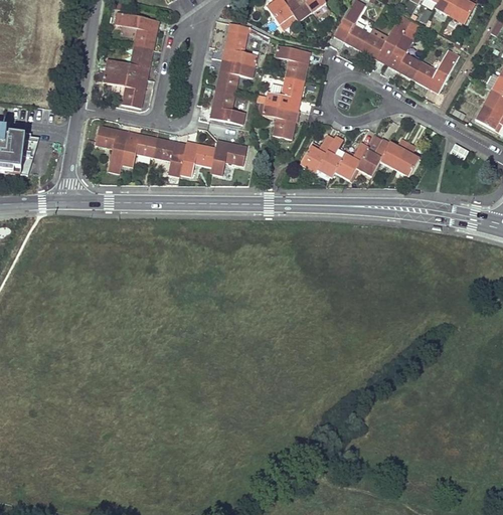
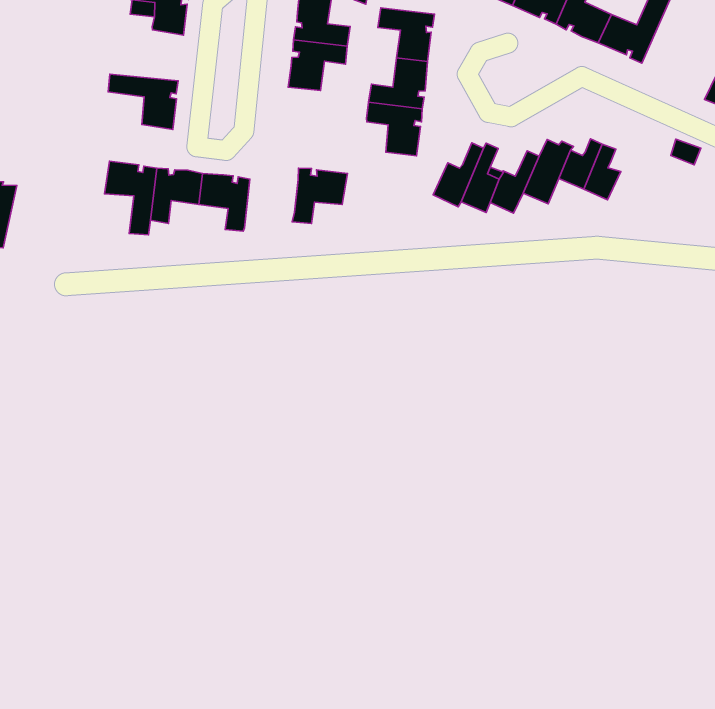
building: [105,45,153,78] -> none
building: [209,89,245,125] -> none
building: [180,141,216,177] -> none

